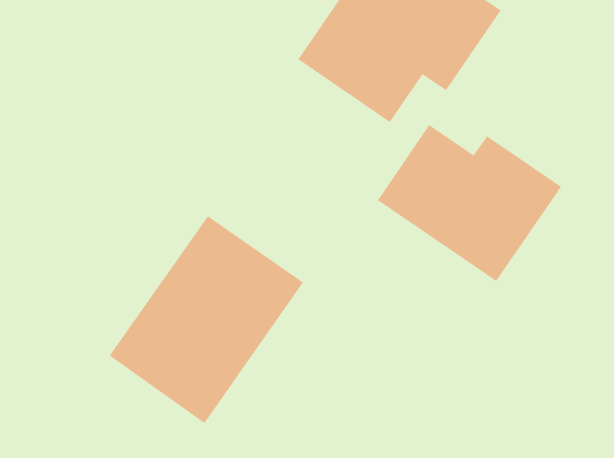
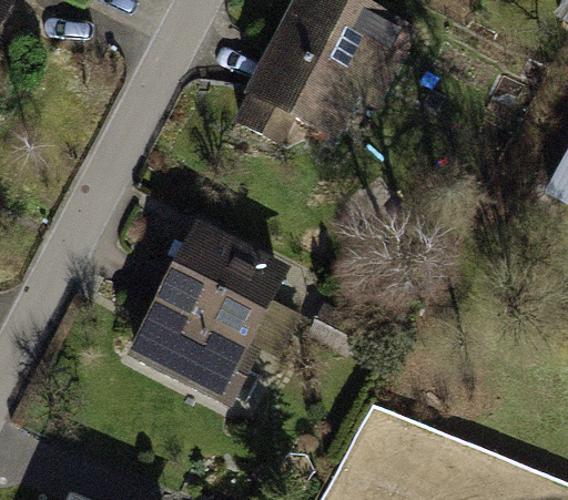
building: [377,124,562,282] -> none

